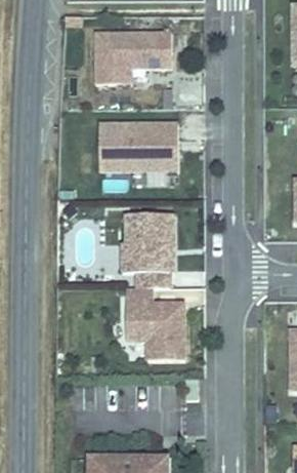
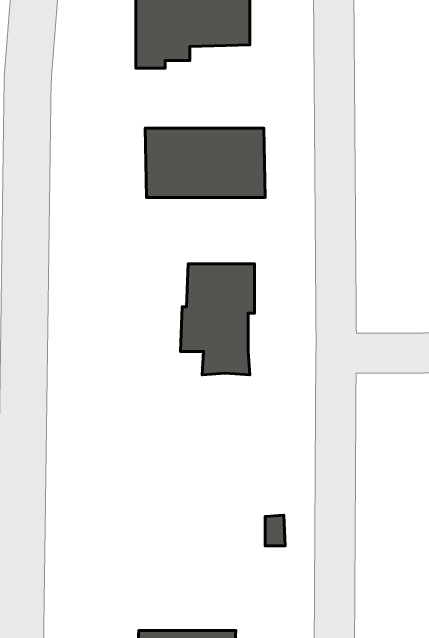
building: [126,286,184,359] -> none

